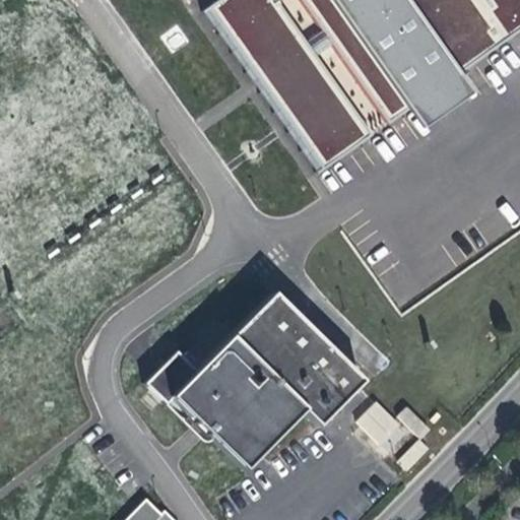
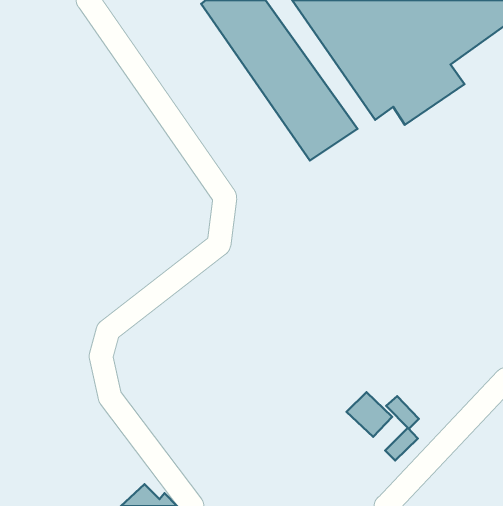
building: [147,286,371,468] -> none

